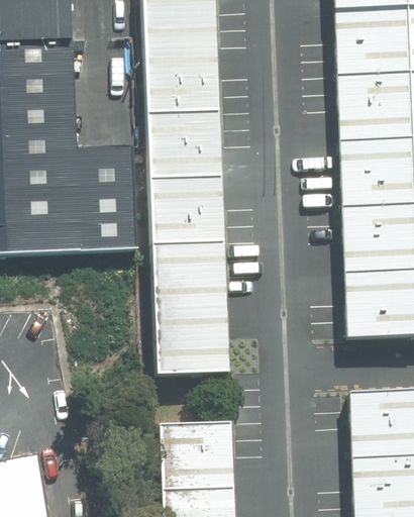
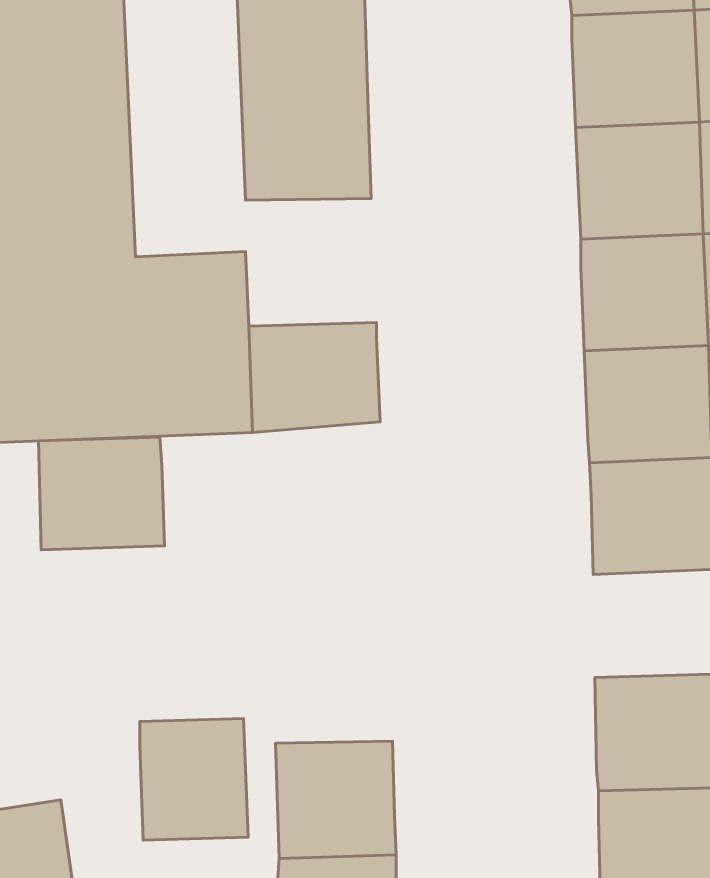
building: [147,118,222,191] -> none
building: [151,245,228,379] -> none
building: none -> [38,437,164,550]
building: none -> [140,719,248,840]

